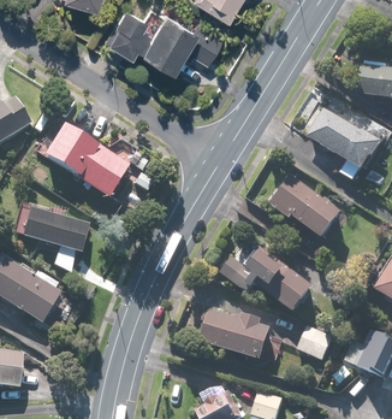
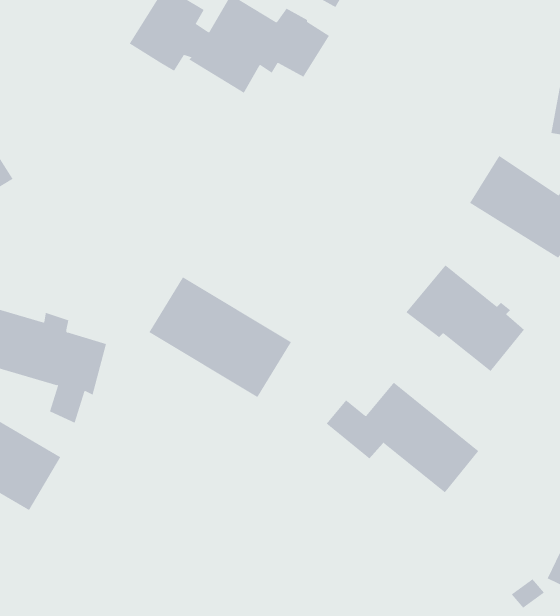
building: [43,125,130,199] -> [149,277,292,398]
building: [200,308,272,362] -> none
building: [298,325,334,360] -> none

